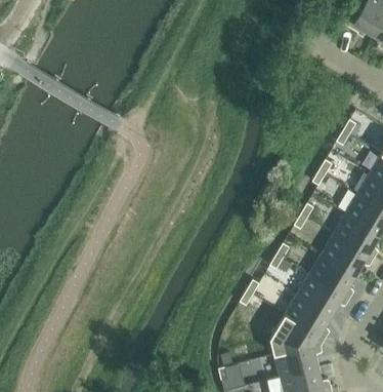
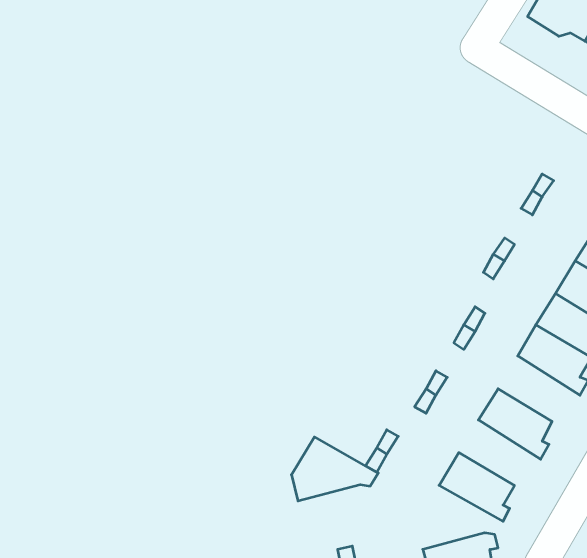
building: [322,234,373,275] -> none
building: [297,274,348,315] -> none
building: [270,315,325,355] -> [291,437,378,501]

